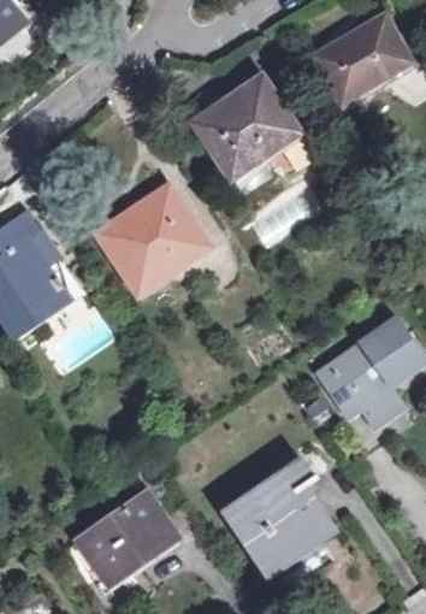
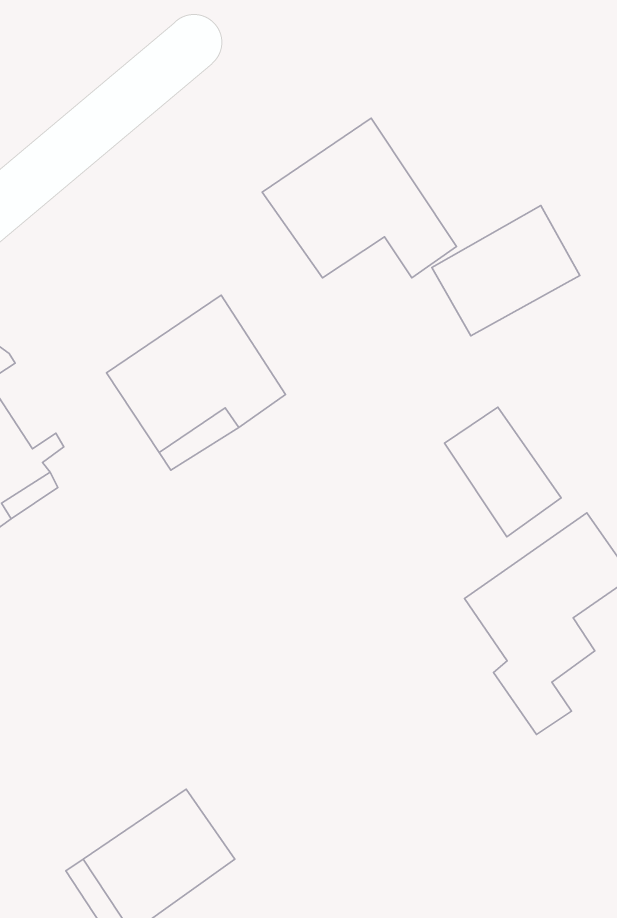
building: [316,17,408,98] -> [432,205,580,336]
building: none -> [445,407,561,537]
building: [225,460,329,565] -> none

